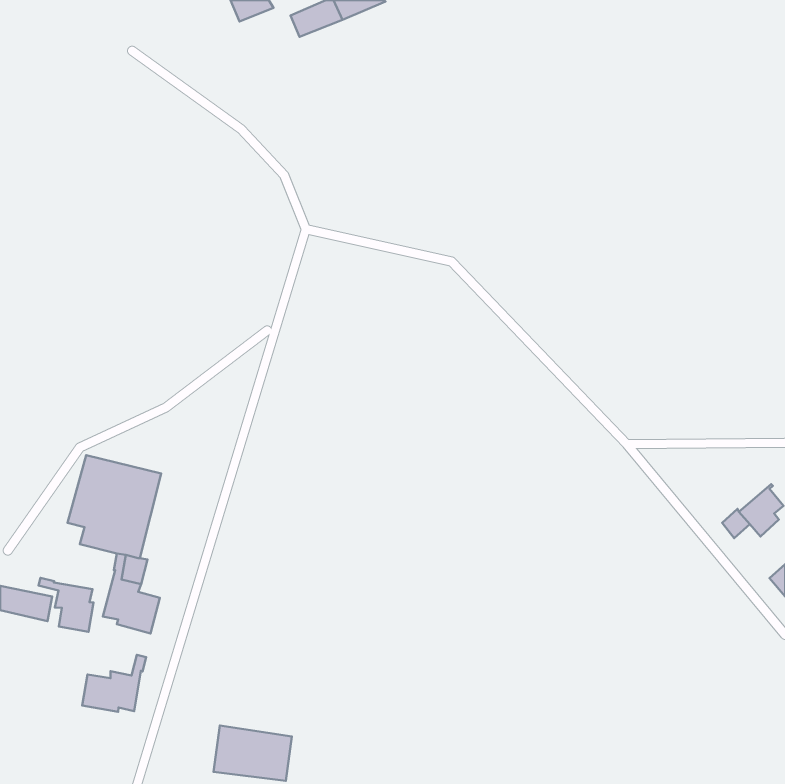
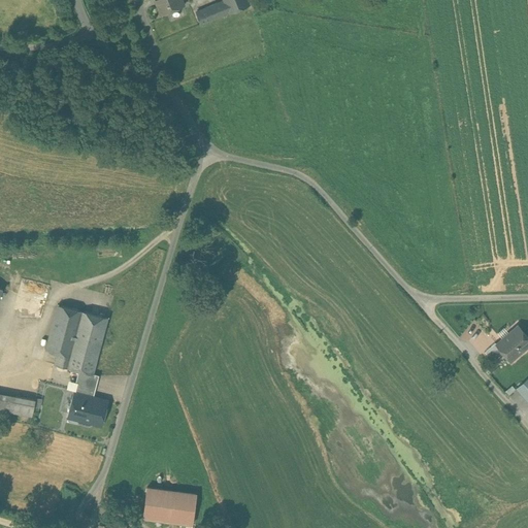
building: [38,578,94,632] -> none
building: [82,655,146,712] -> none

